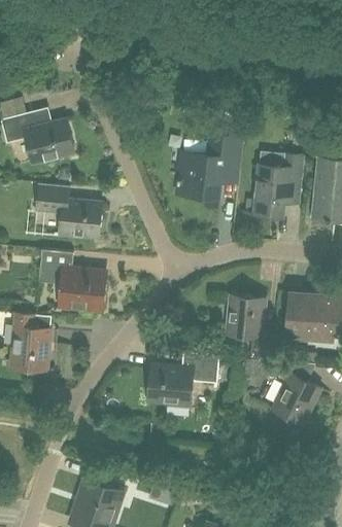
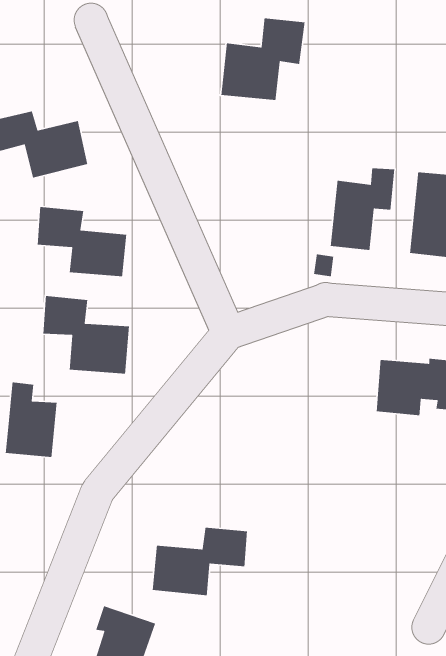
building: [177,136,240,198] -> [221,18,305,101]
building: [228,295,275,360] -> none
building: [148,353,219,405] -> [152,527,248,596]
building: [273,362,319,424] -> none

